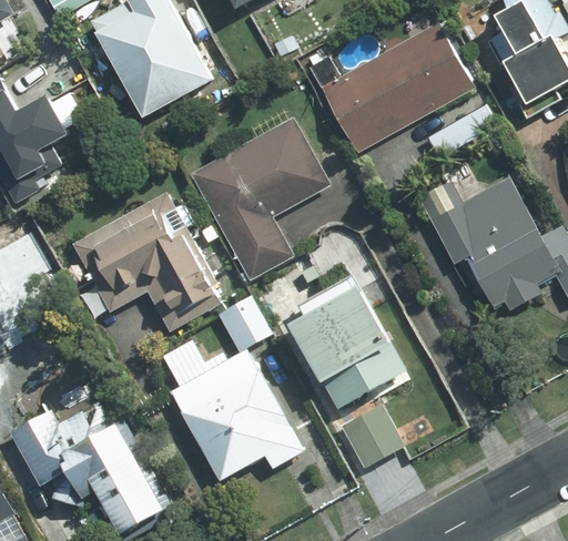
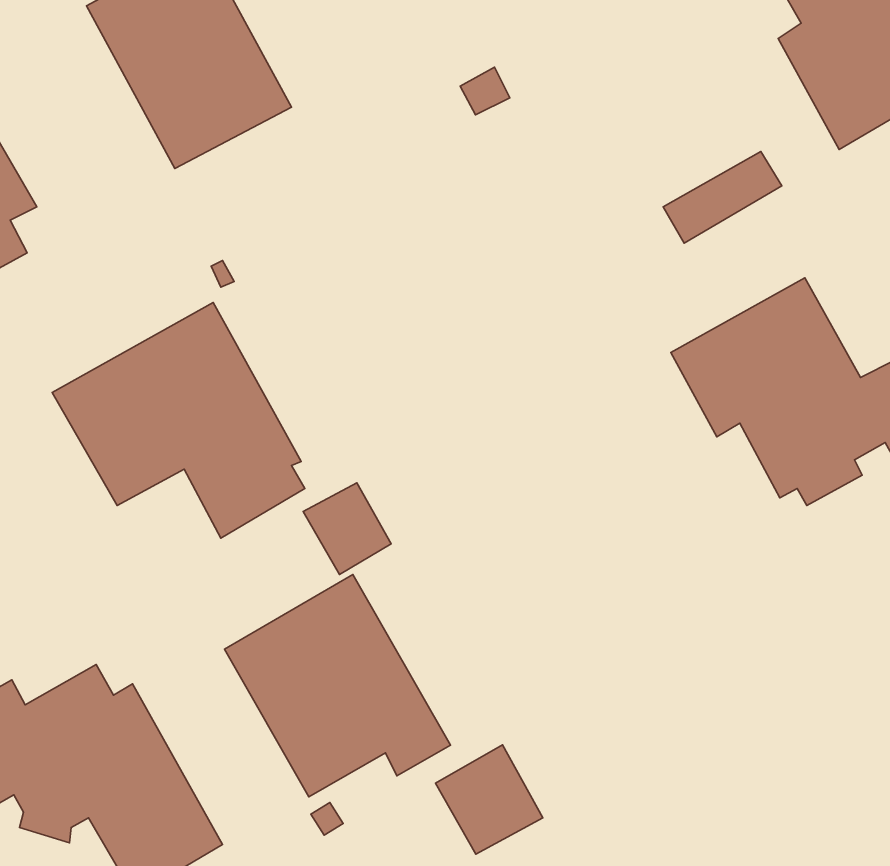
building: [321,22,471,150] -> none
building: [192,119,327,278] -> none
building: [294,288,407,407] -> none
building: [341,404,403,467] -> [436,745,543,854]

